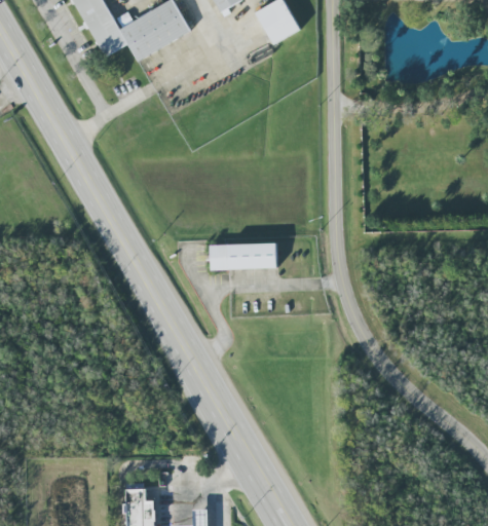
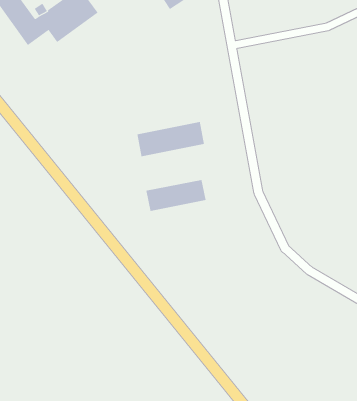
building: none -> [137,121,205,157]

